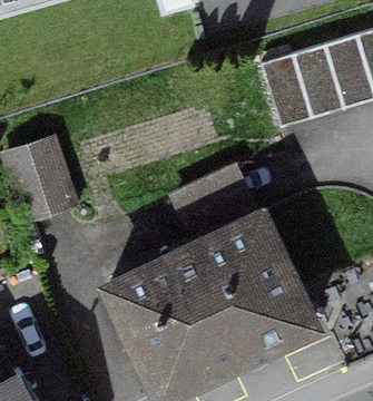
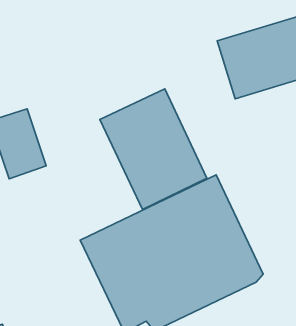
building: none -> [100,89,207,209]

